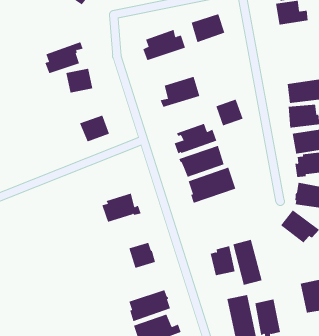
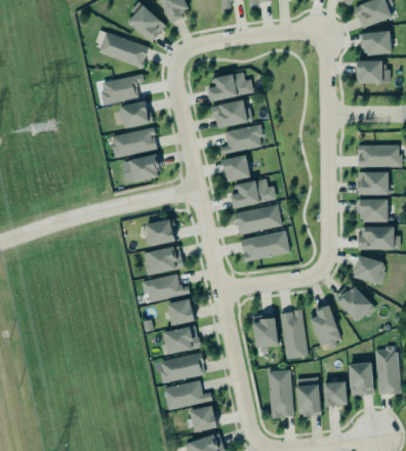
building: none -> [97,32,147,68]
building: [191,14,225,43] -> [212,100,248,129]
building: none -> [112,127,158,158]
building: [215,99,243,126] -> [222,155,251,182]
building: none -> [145,217,174,246]
building: none -> [140,273,189,301]
building: none -> [310,304,340,347]
building: none -> [162,325,200,353]
building: none -> [323,381,349,408]

